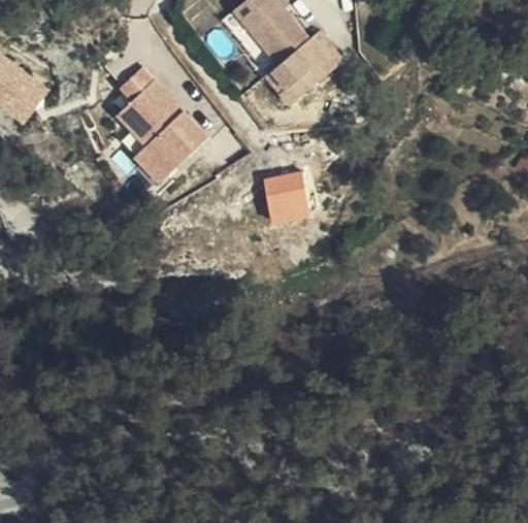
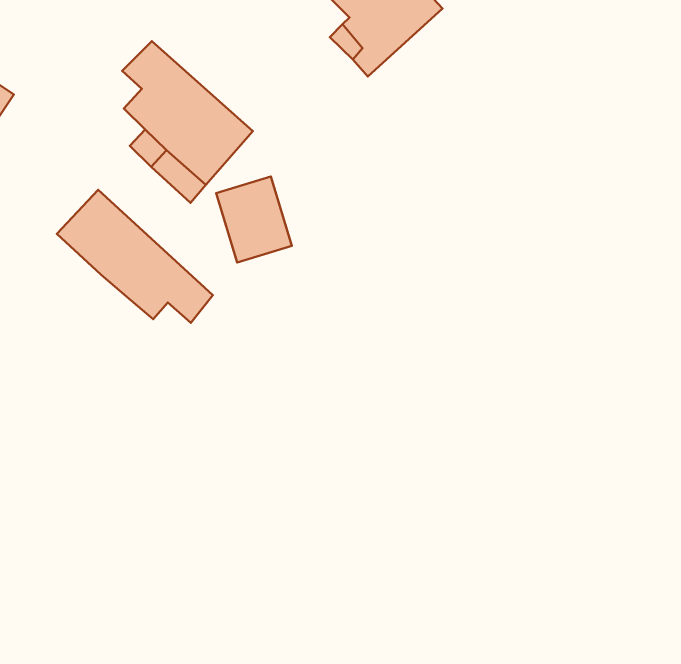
building: none -> [57,190,213,323]
building: [257,174,305,231] -> [216,177,292,263]

